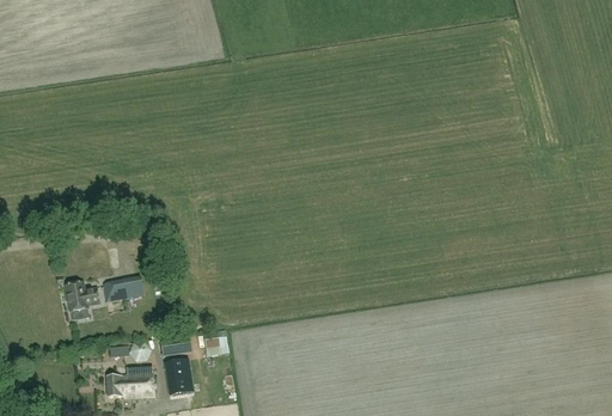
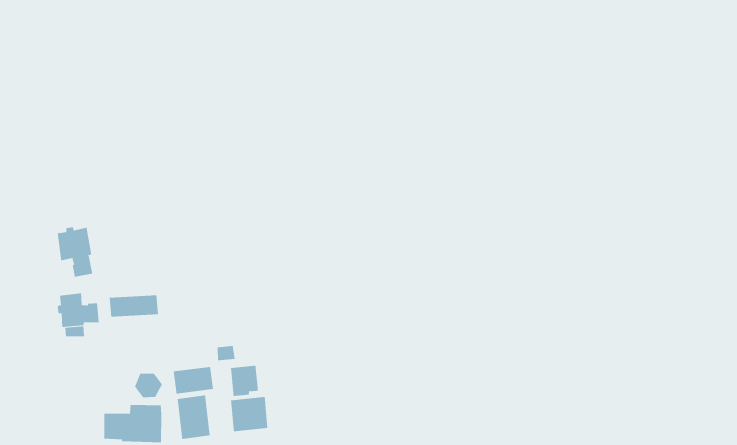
building: none -> [57,226,93,278]
building: none -> [231,396,268,432]

